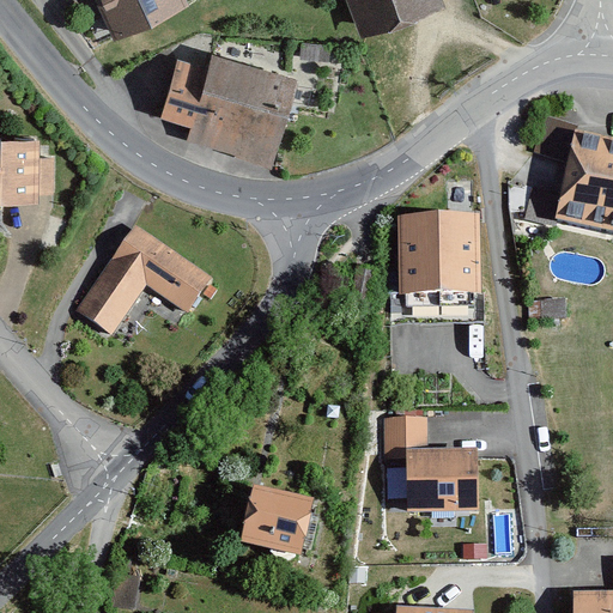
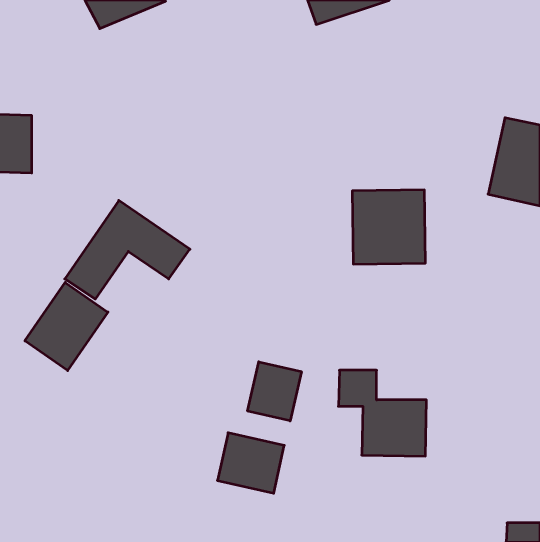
building: [165,53,292,154] -> none
building: none -> [25,282,108,371]
building: none -> [248,362,301,421]

